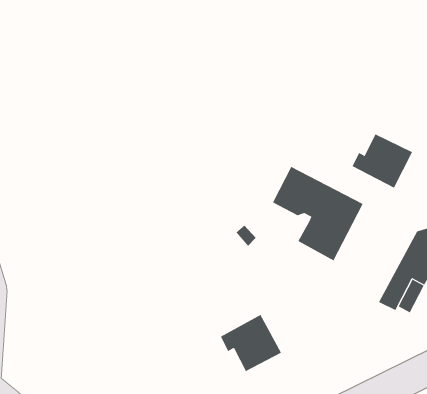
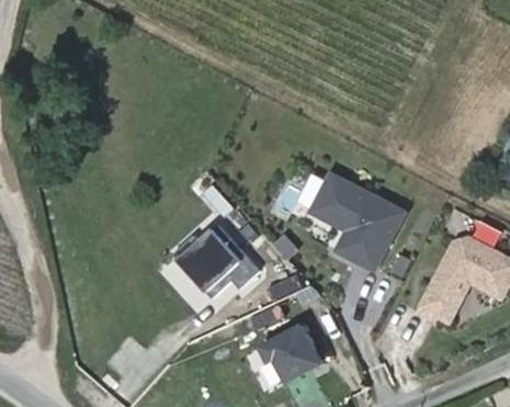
building: [352,133,413,188] -> none
building: none -> [172,222,260,296]

